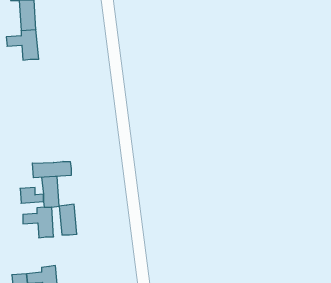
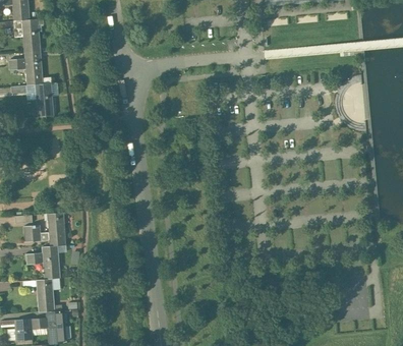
building: none -> [35,83,54,117]
building: [32,161,71,178] -> none
building: [59,204,77,235] -> [36,279,55,312]

